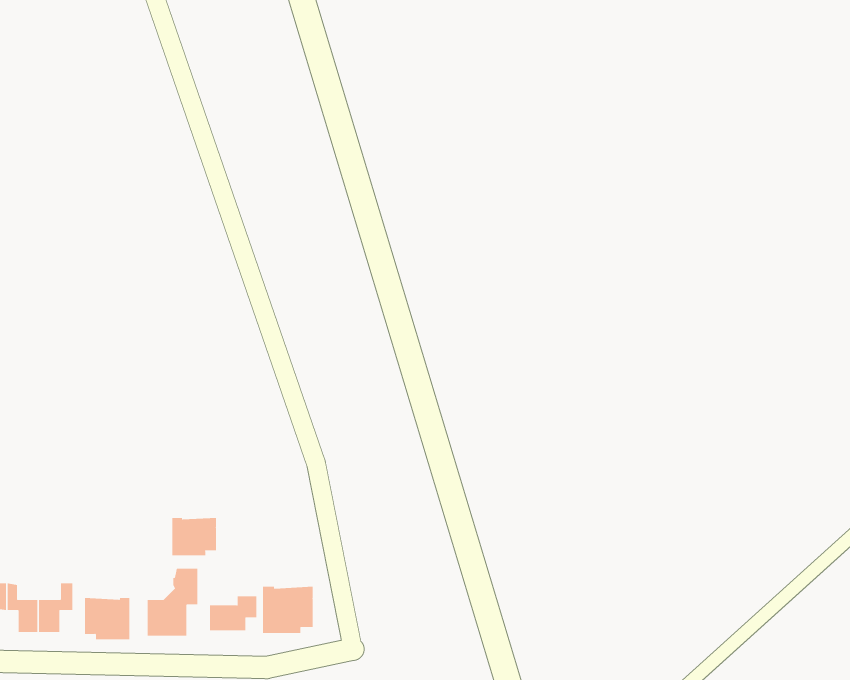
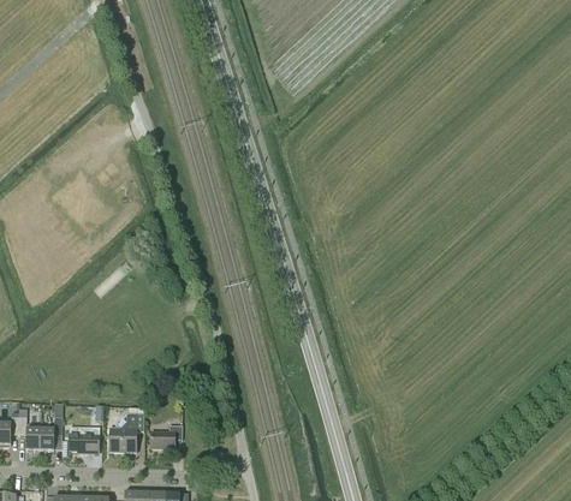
building: [172,517,216,556] -> none
building: [262,586,313,634] -> none

